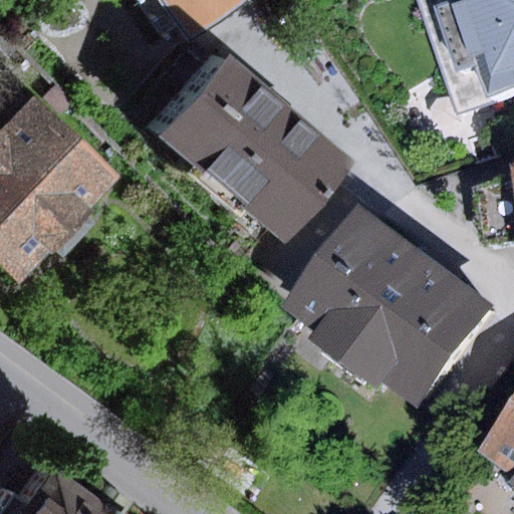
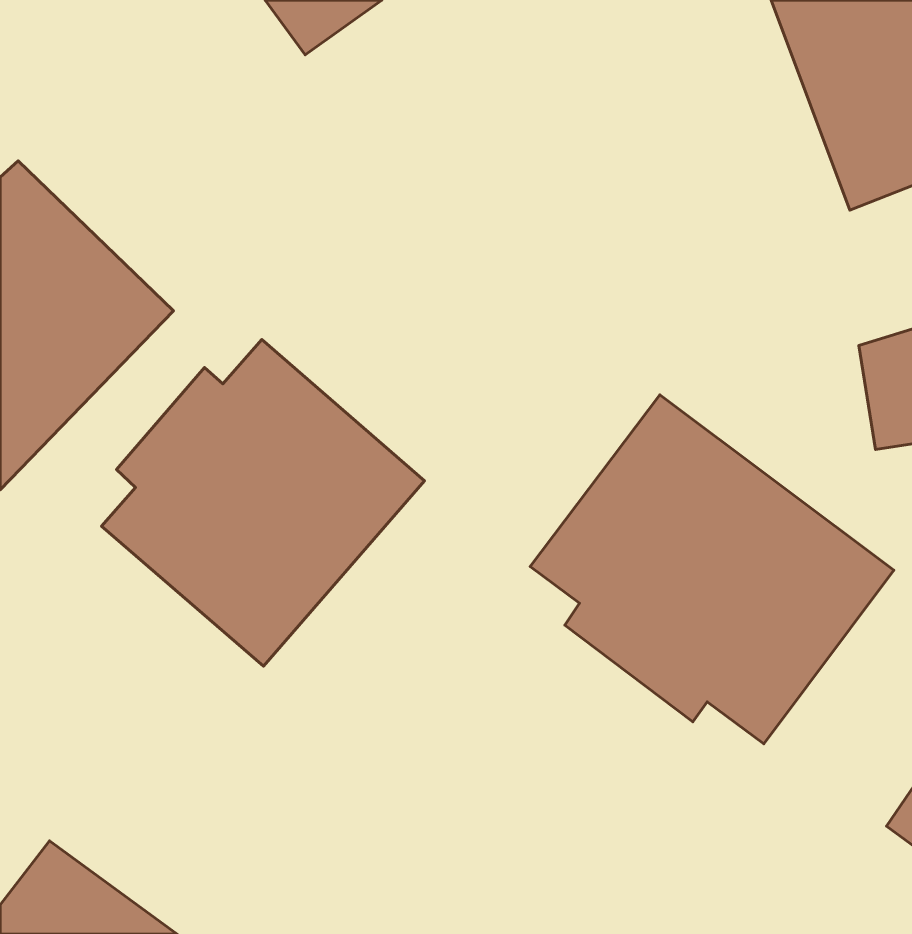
building: [146,47,338,233] -> none
building: none -> [102,339,424,666]

